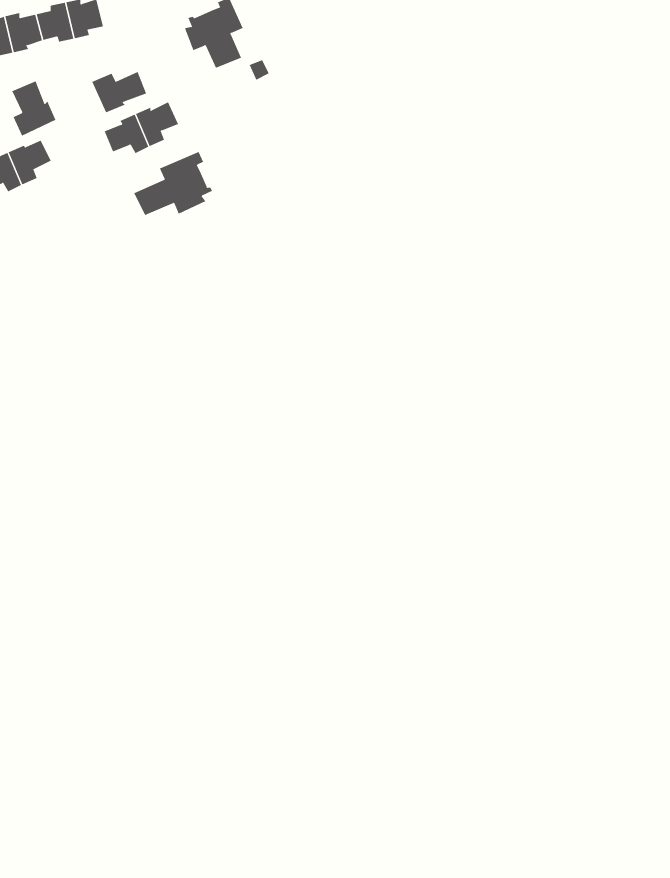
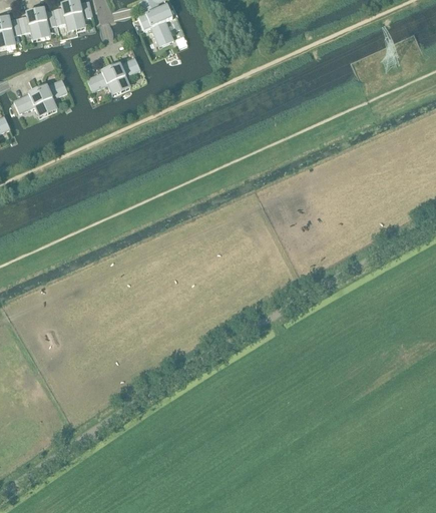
building: [92,71,147,113] -> none
building: [11,81,56,137] -> none
building: [134,151,213,216] -> none

